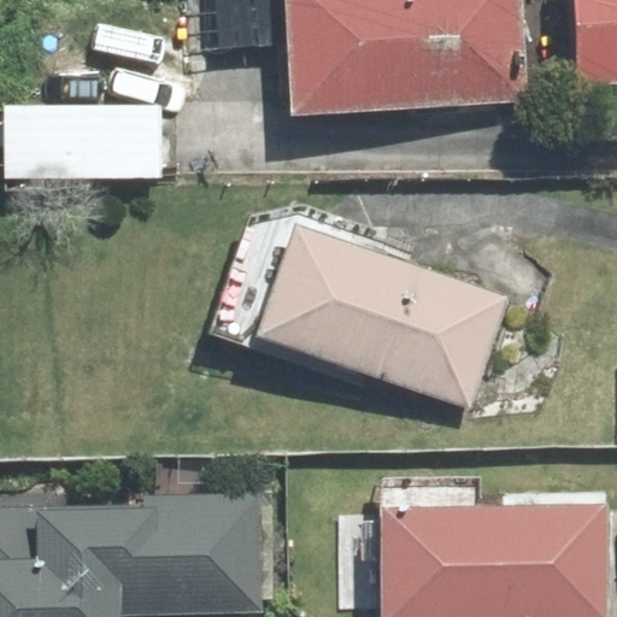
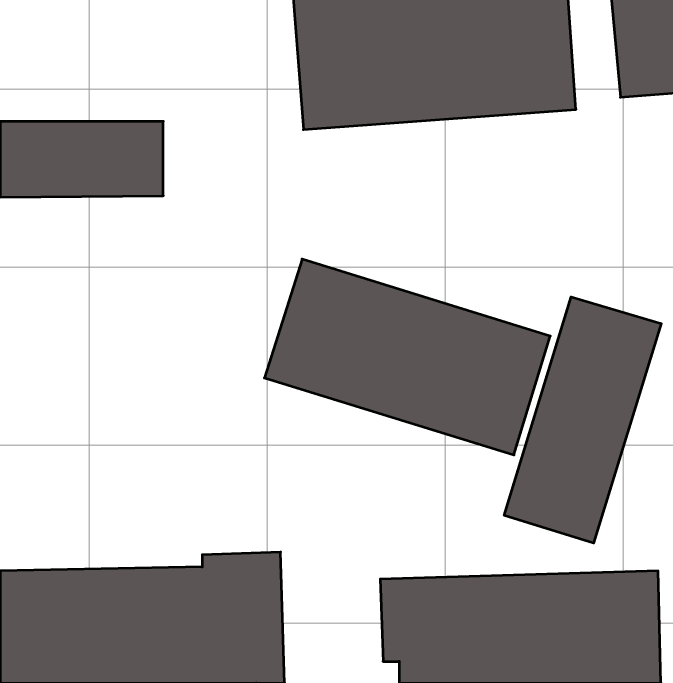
building: none -> [504,297,661,543]

